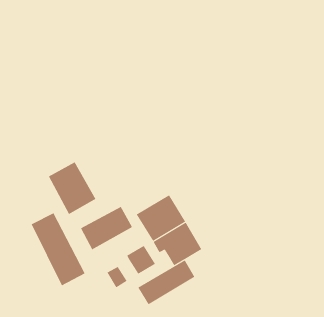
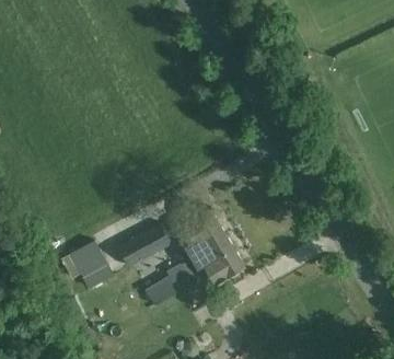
building: [48,162,96,215] -> none
building: [137,260,195,305] -> none

